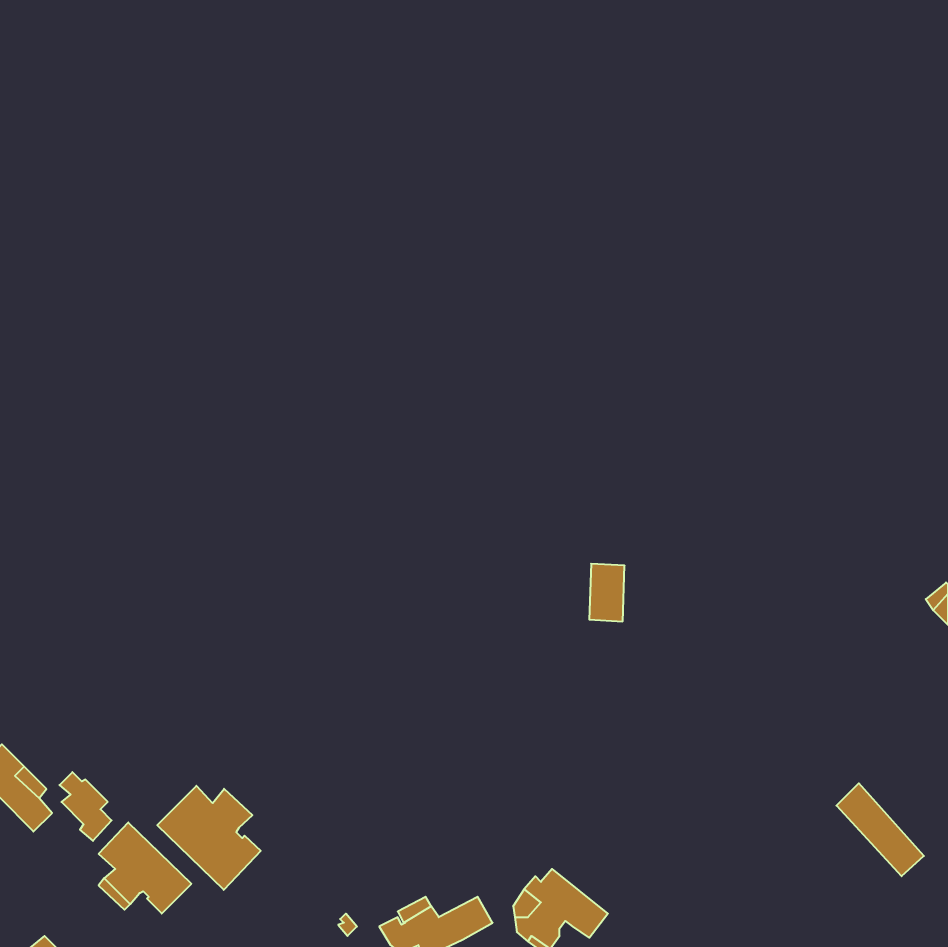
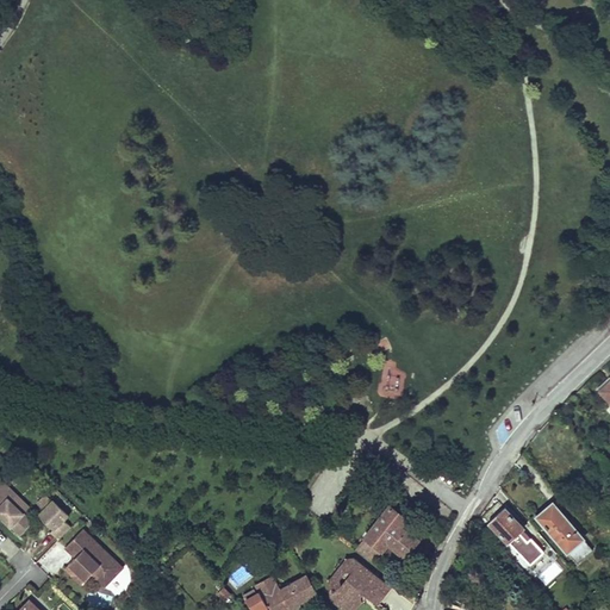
building: [157,786,261,890] -> none
building: none -> [355,508,416,562]
building: none -> [487,508,540,565]

